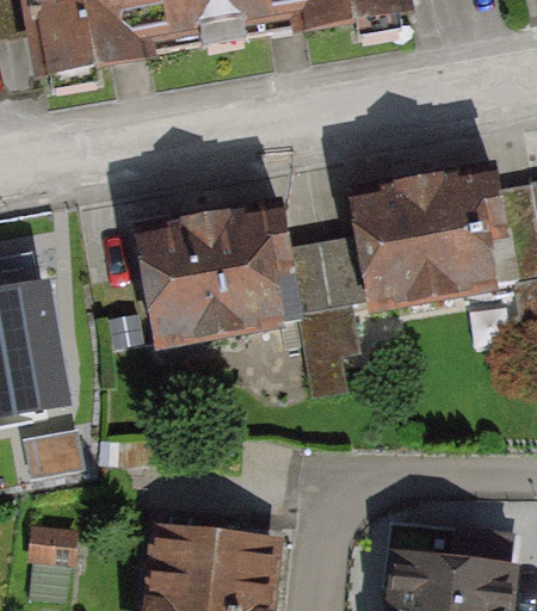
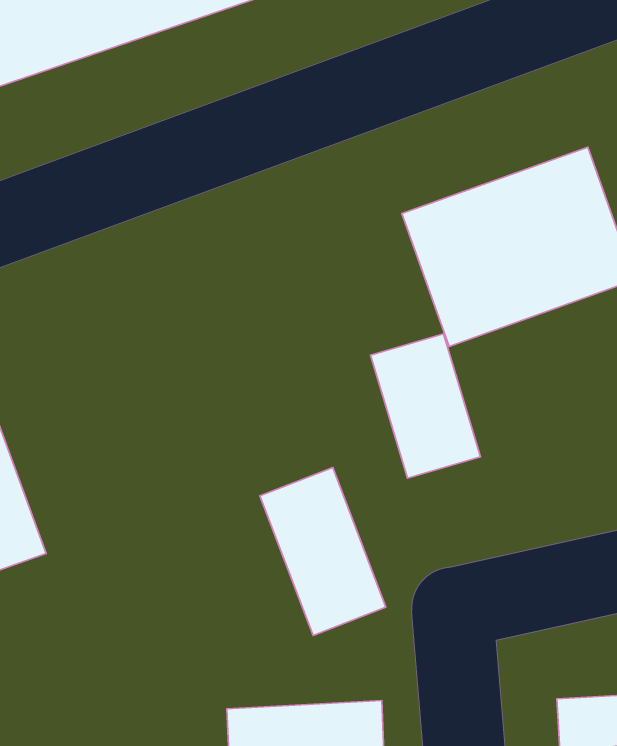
building: [138,215,297,332] -> none
building: none -> [260,467,386,636]

